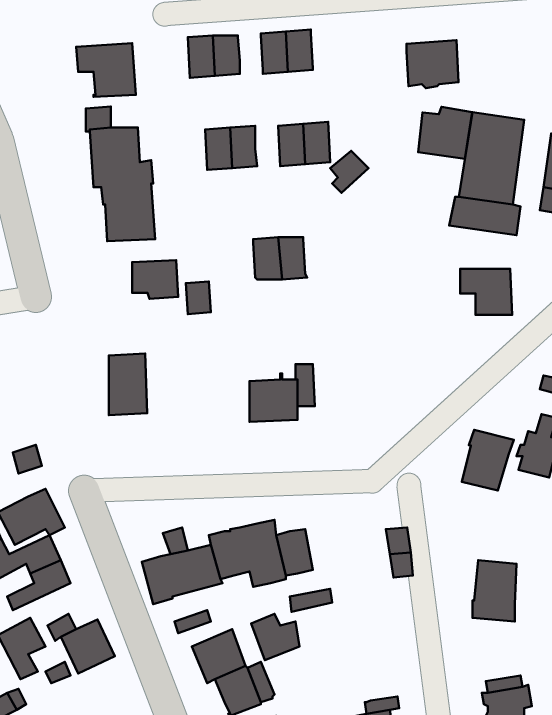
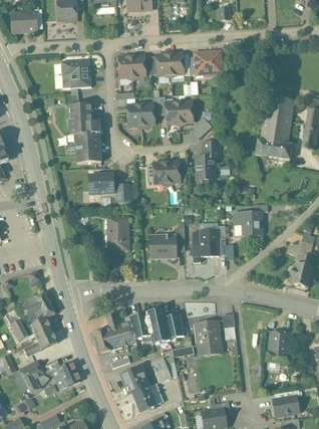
building: [407,40,458,88] -> [195,50,222,75]
building: [418,107,472,159] -> none
building: none -> [196,149,219,181]
building: [460,269,512,315] -> [235,211,262,235]
building: [109,354,147,415] -> [108,217,128,249]
building: none -> [193,229,219,262]
building: [462,430,514,491] -> none
building: none -> [196,319,222,355]

